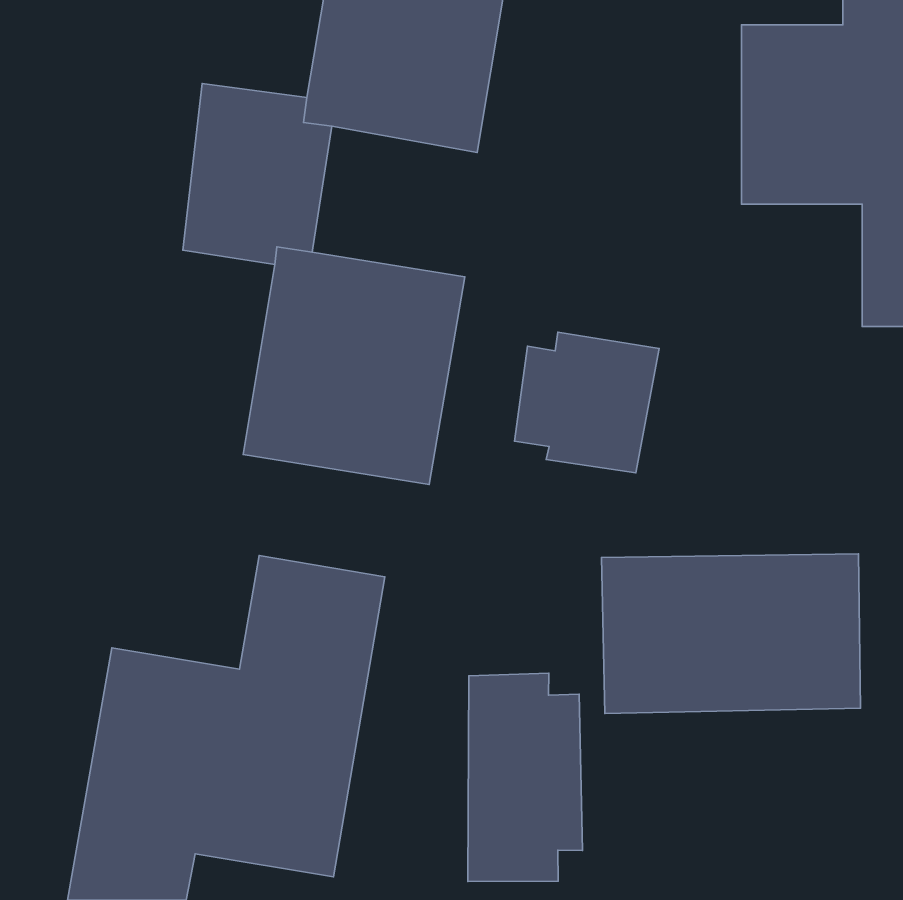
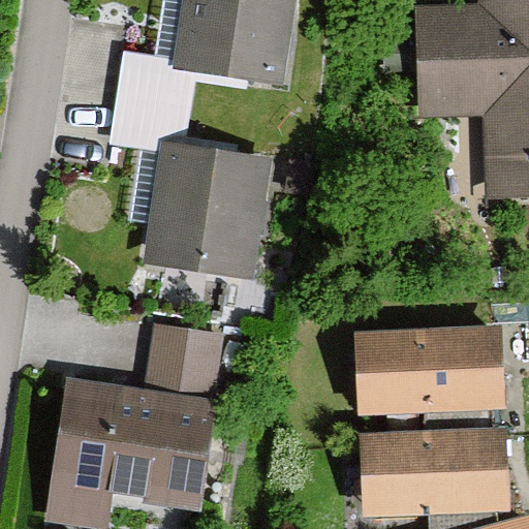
building: [515,332,659,473] -> none
building: [468,673,582,882] -> none
building: none -> [357,428,511,518]

